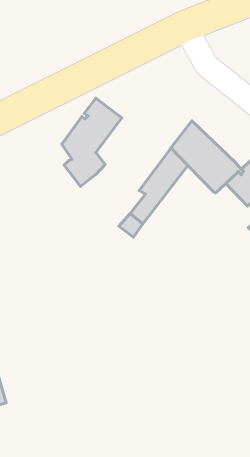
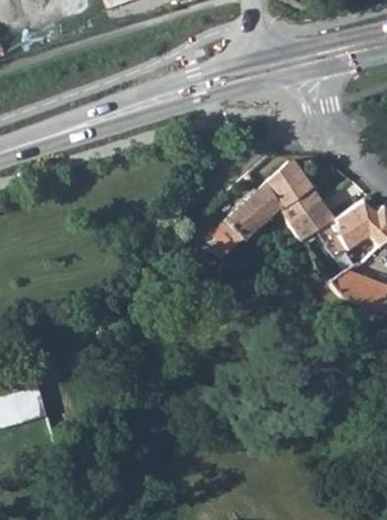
building: [62,98,122,186] -> none

